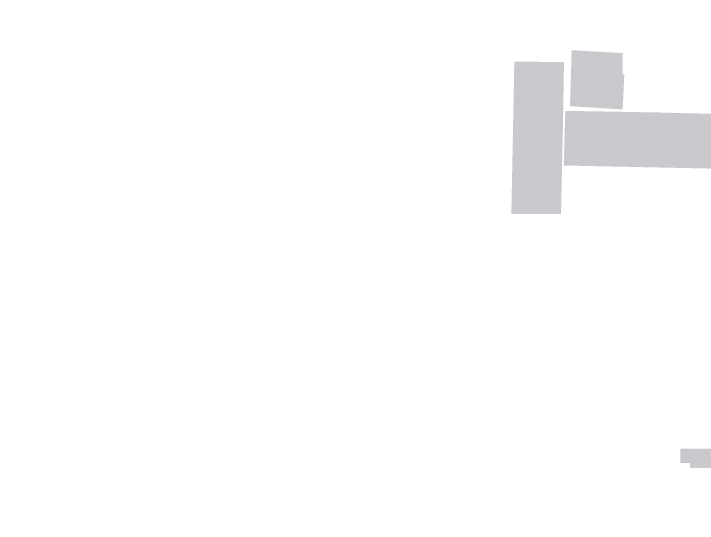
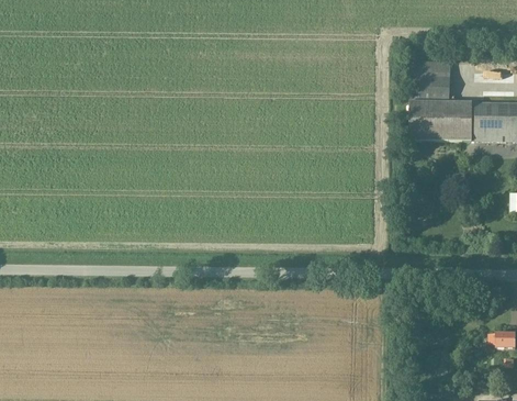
building: [511,61,565,215] -> none

